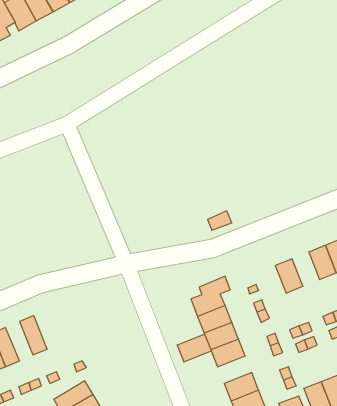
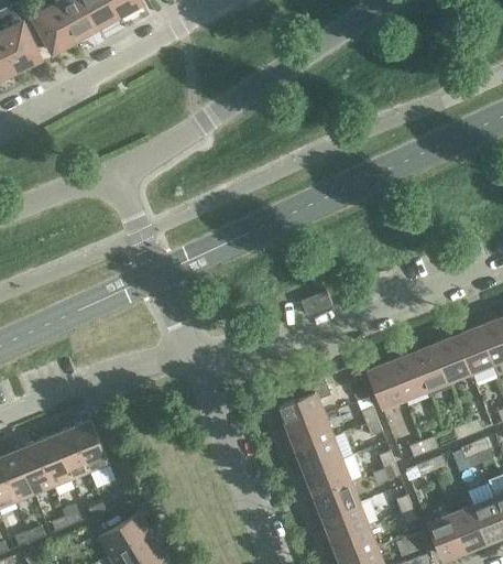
building: none -> [412,345,448,390]
building: none -> [367,362,404,408]
building: none -> [72,421,109,473]
building: none -> [34,436,70,488]
building: [177,334,211,362] -> [314,481,359,518]

